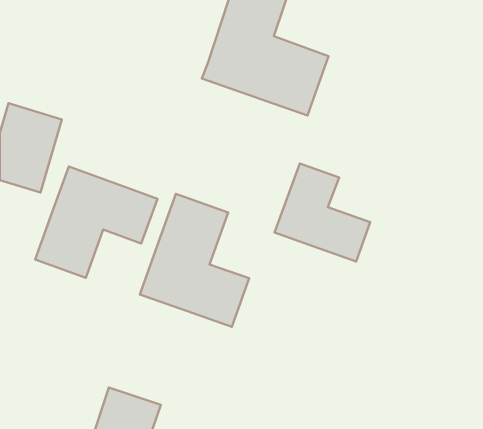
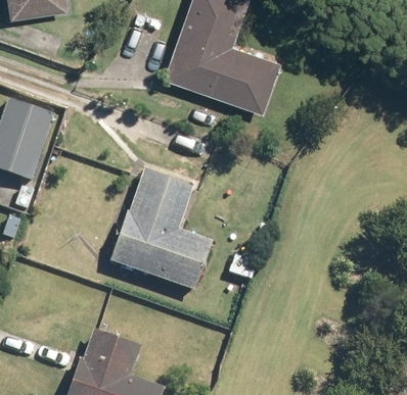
building: [275,163,370,262] -> none
building: [35,166,157,278] -> none

